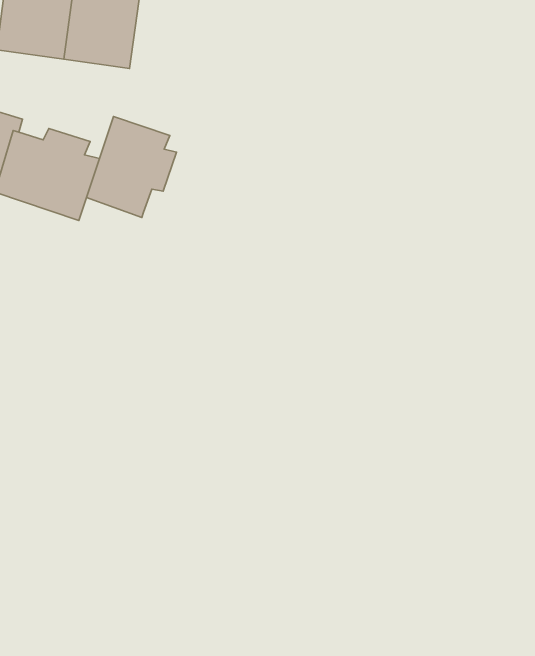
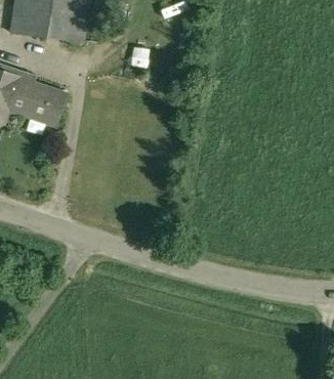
building: [87,117,177,218] -> none

